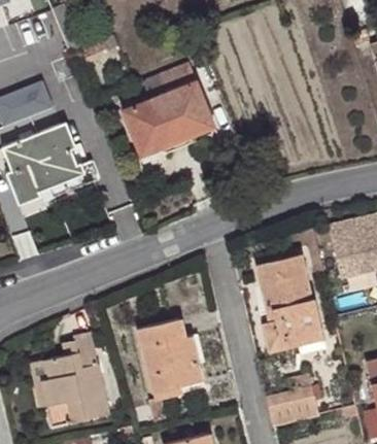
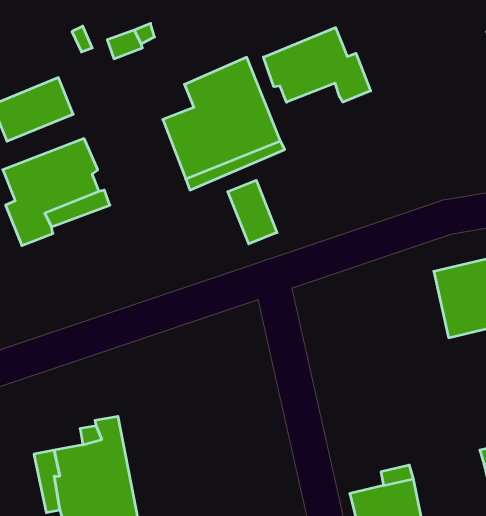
building: none -> [263,28,371,102]
building: none -> [228,180,277,244]
building: [262,251,324,349] -> none
building: [134,320,201,402] -> none

